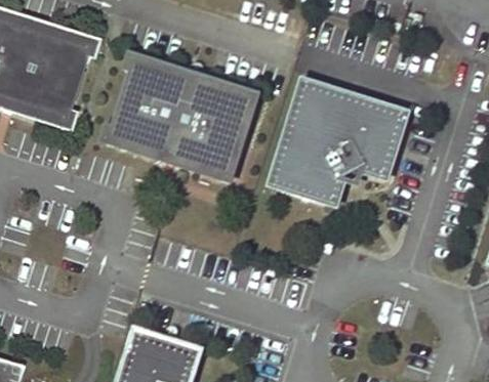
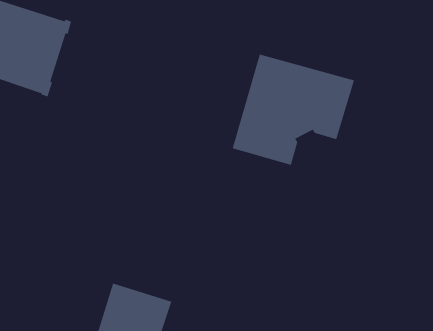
building: [107,55,259,179] -> none

